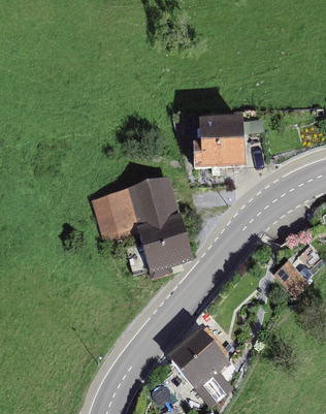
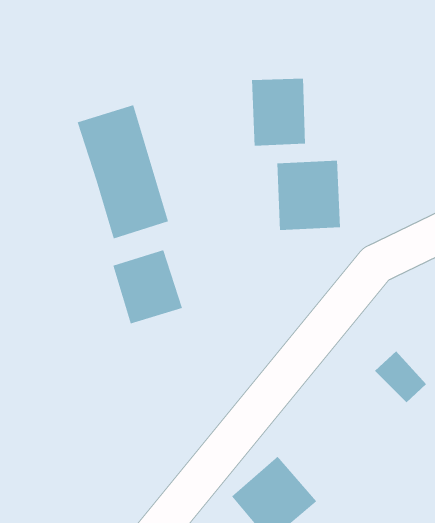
building: none -> [251,78,305,147]
building: [122,171,187,266] -> [77,105,169,239]

